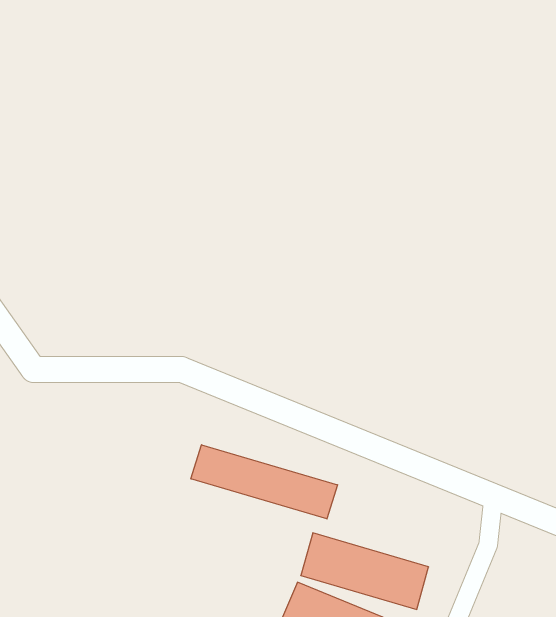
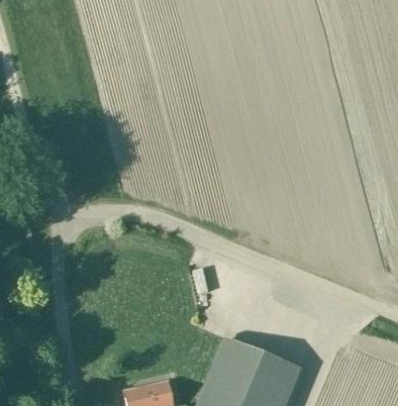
building: [191,445,338,519] -> none

